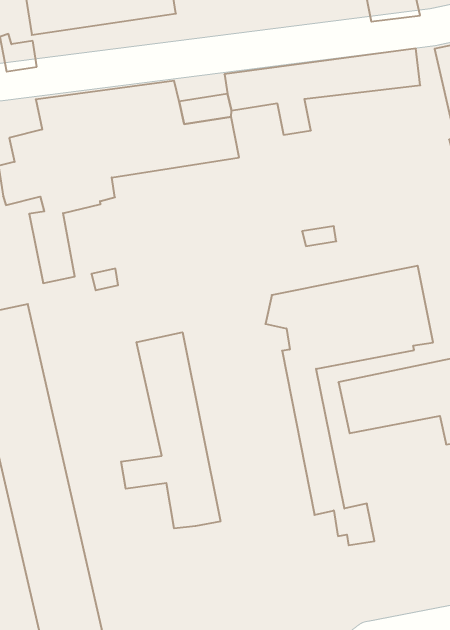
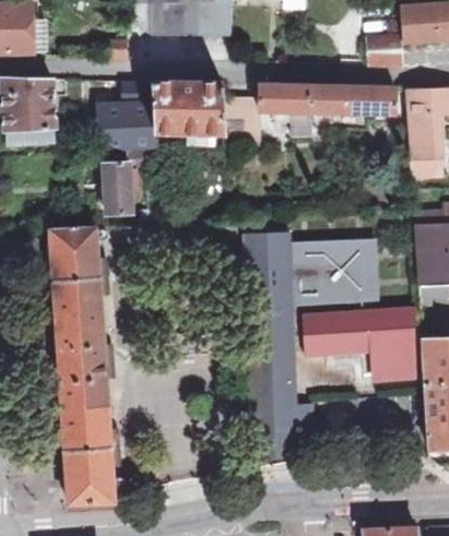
building: [121,332,220,528] -> none

